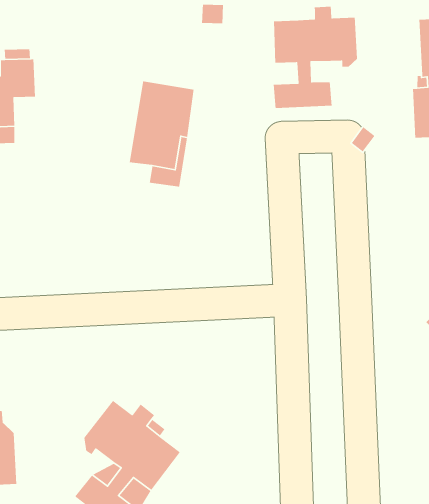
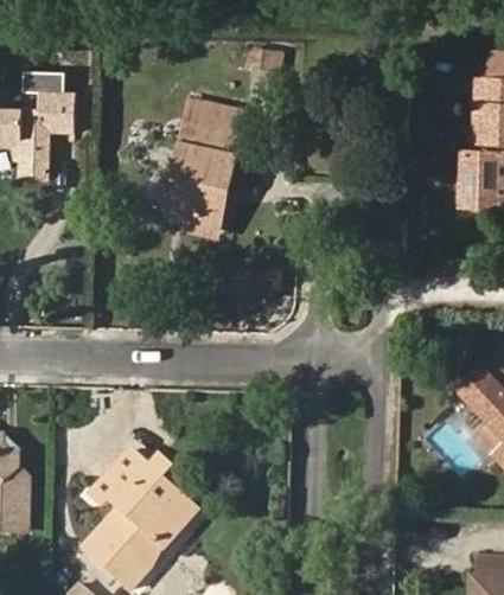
building: [273,6,358,109] -> none
building: none -> [185,100,244,135]

